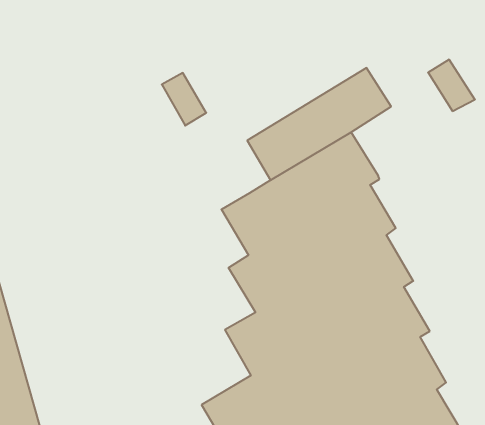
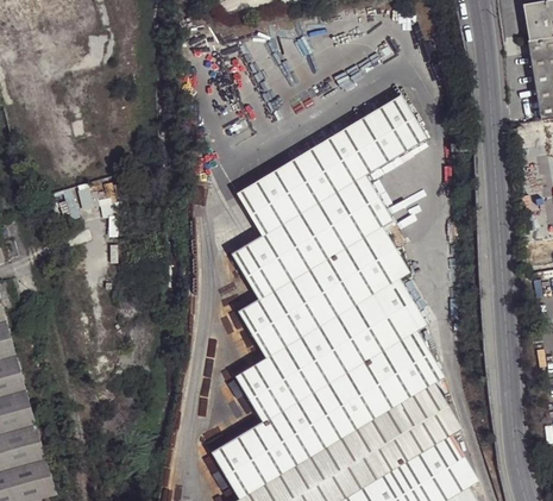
building: [428,60,475,111] -> [379,95,427,148]
building: [162,73,206,126] -> [237,182,282,236]

